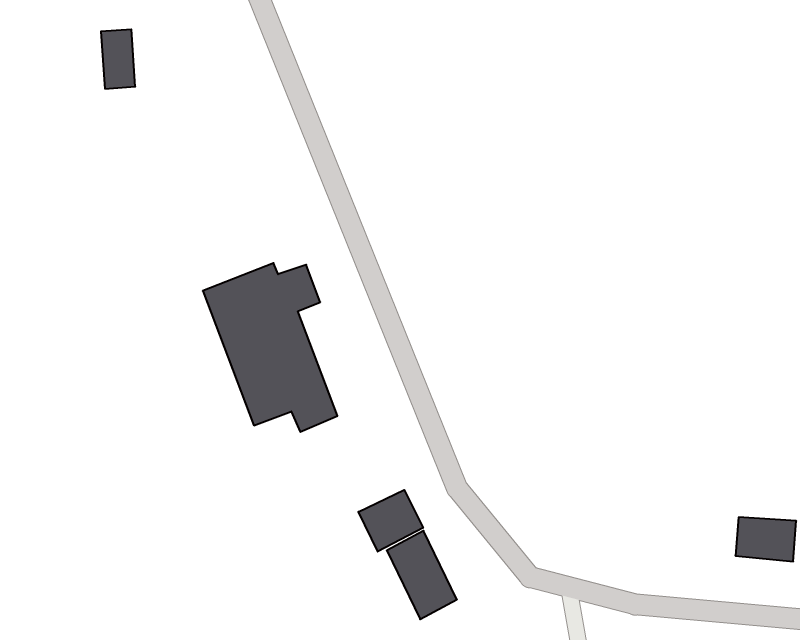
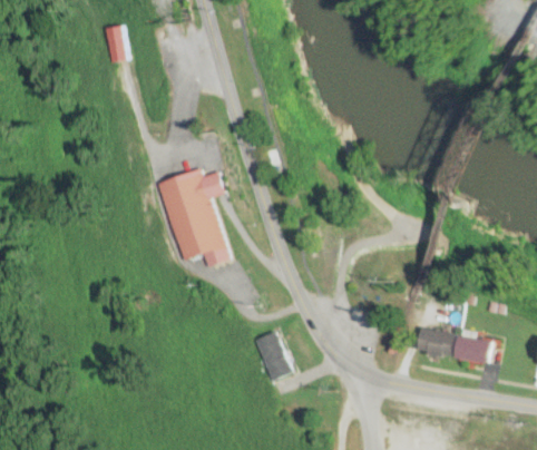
building: [358,490,423,552] -> none
building: none -> [417,327,455,358]

